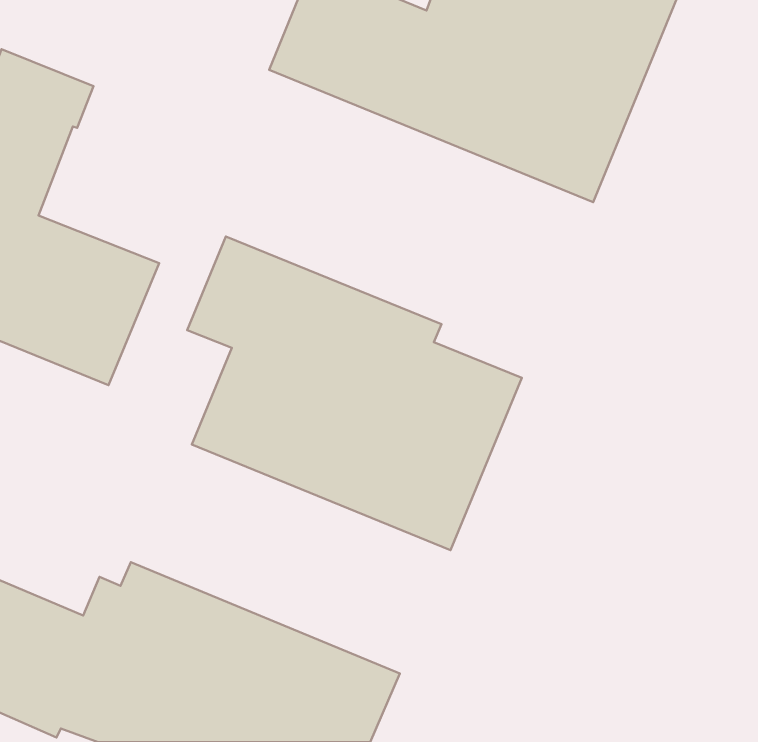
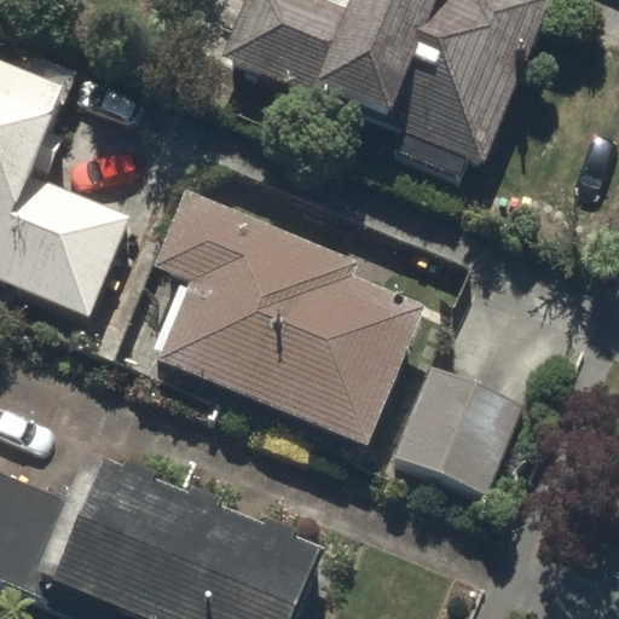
building: none -> [393,364,521,492]

